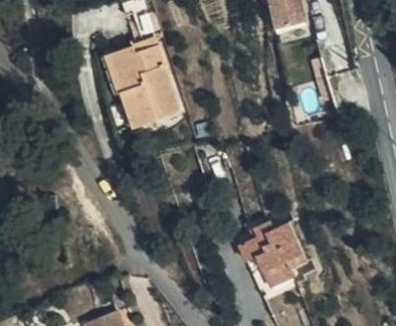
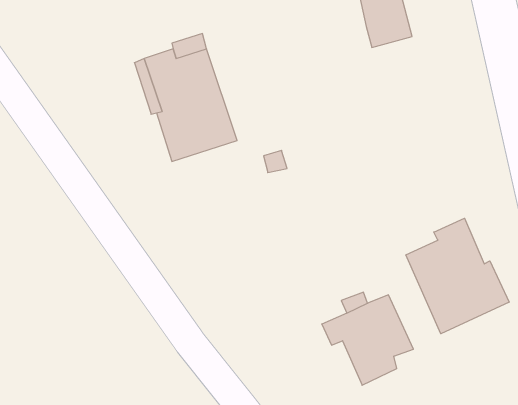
building: none -> [406,218,509,334]

